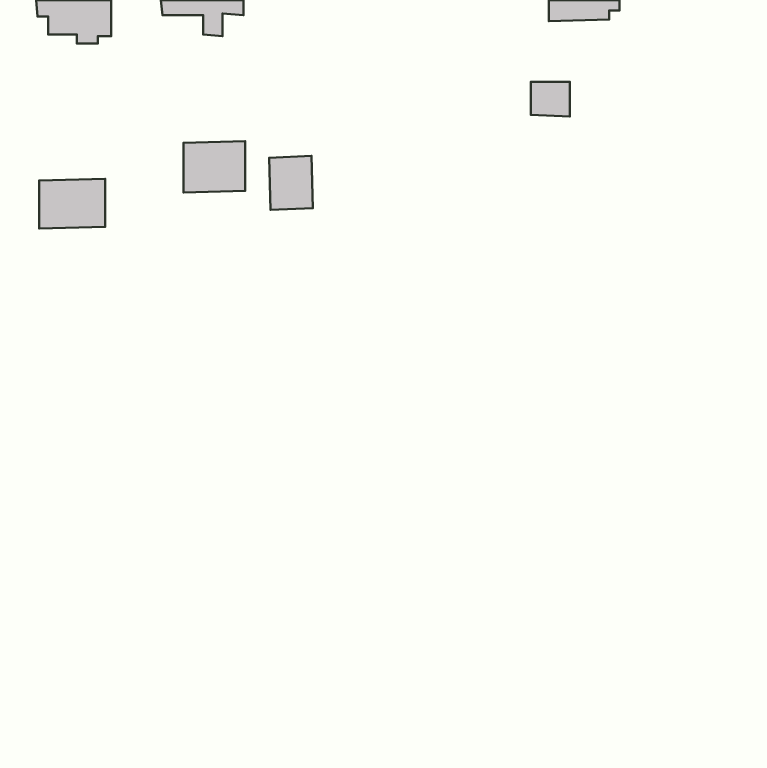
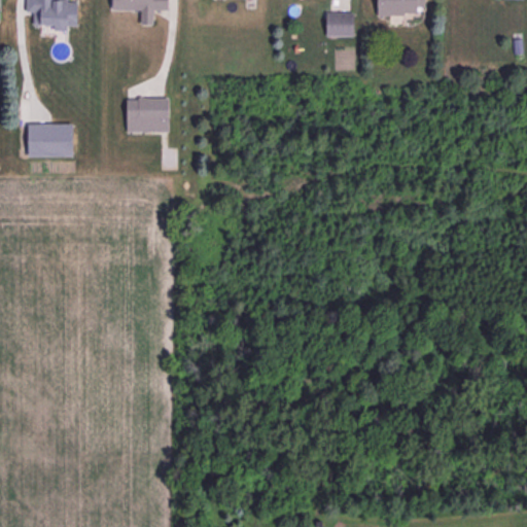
building: [531,82,570,116] -> [326,12,353,36]
building: [269,156,313,210] -> none

